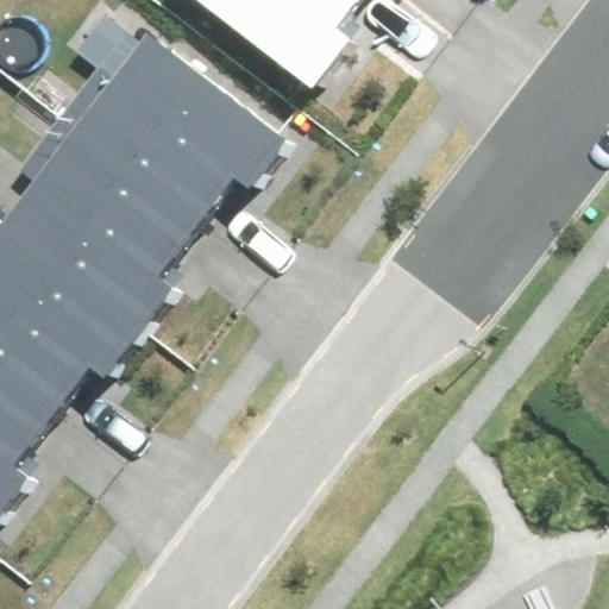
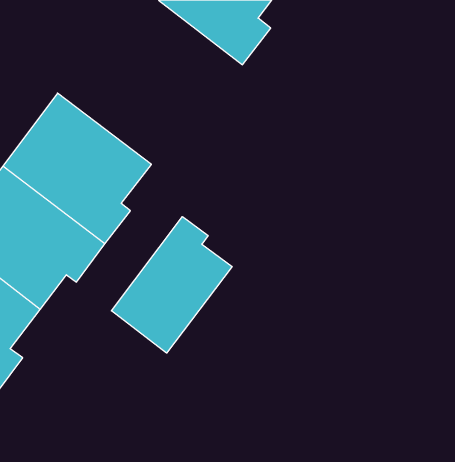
building: [75,33,283,220] -> none
building: none -> [111,217,232,353]

